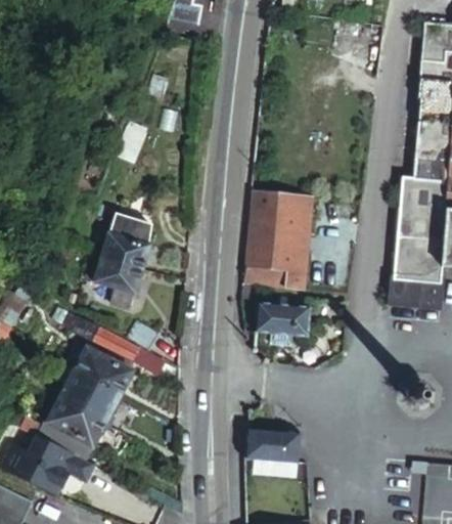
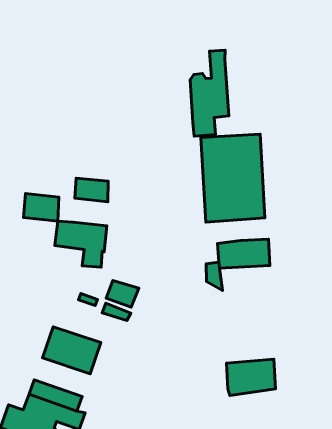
building: none -> [190,50,229,136]
building: [108,237,147,270] -> [24,194,59,221]
building: [75,345,133,390] -> none
building: [48,398,106,443] -> none

